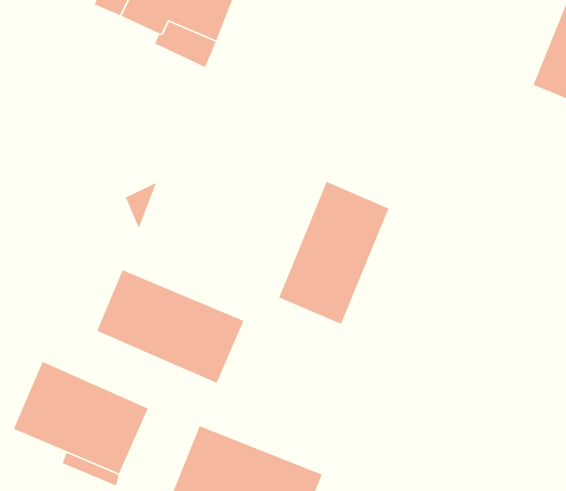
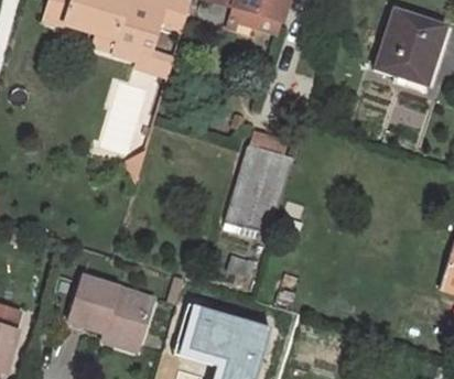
building: [96,269,245,384] -> none

